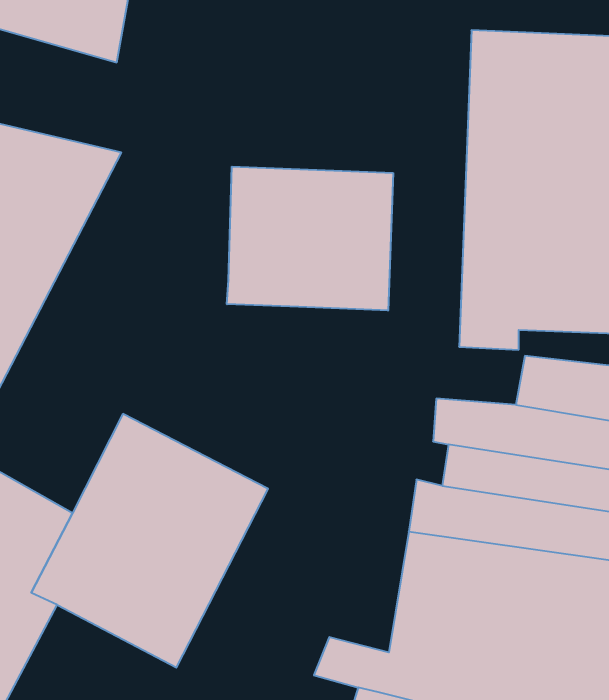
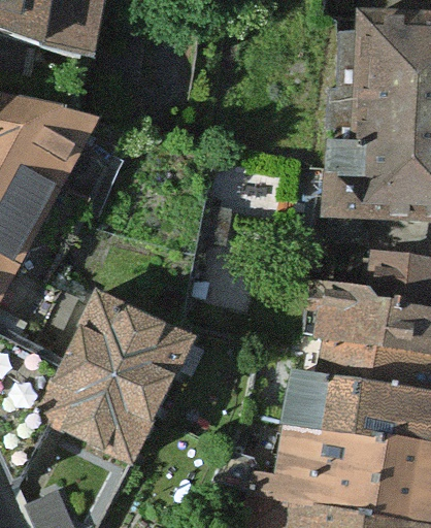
building: [227,167,393,311] -> none

